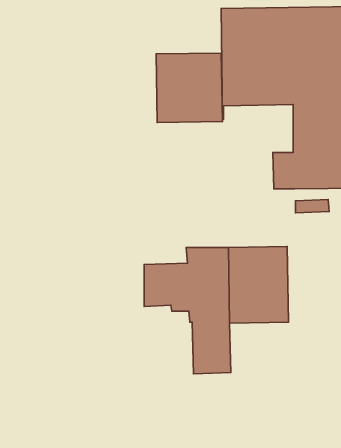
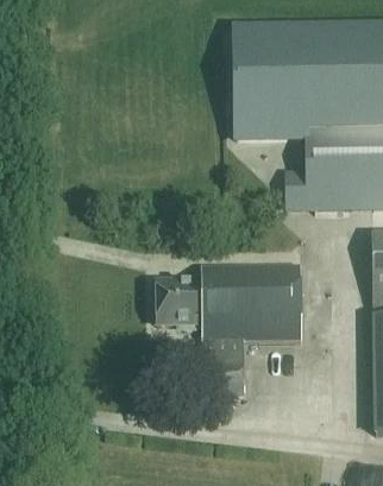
building: [156,53,222,122] -> none

